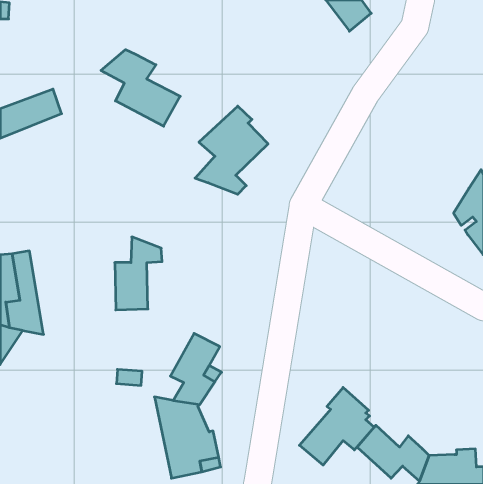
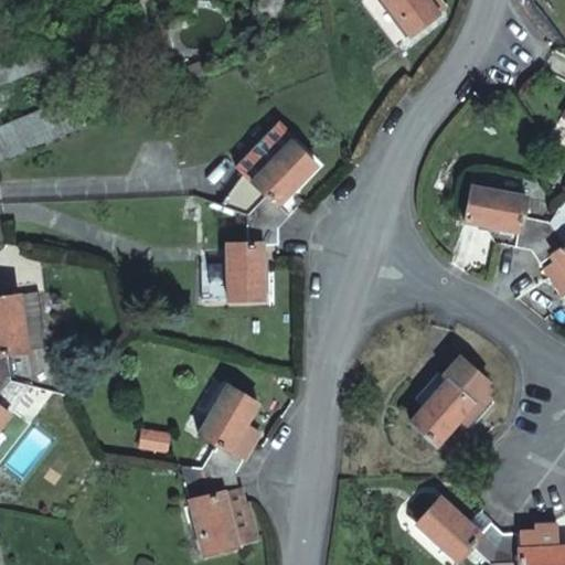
building: [101,50,180,126] -> none
building: none -> [463,185,547,248]
building: [115,237,162,310] -> [224,213,279,298]
building: [299,387,374,465] -> [407,354,494,445]

